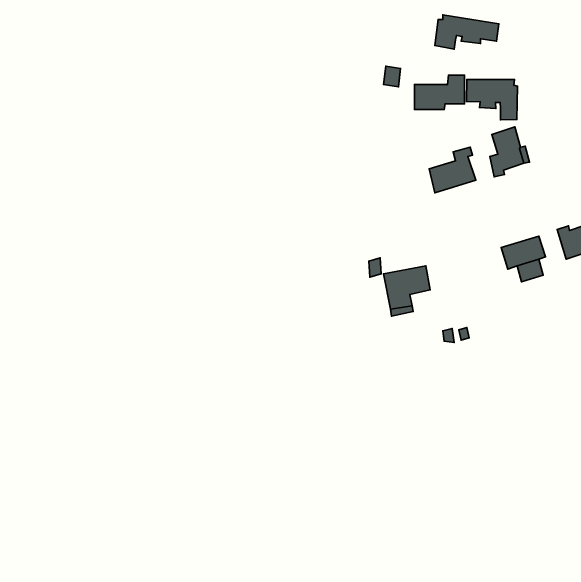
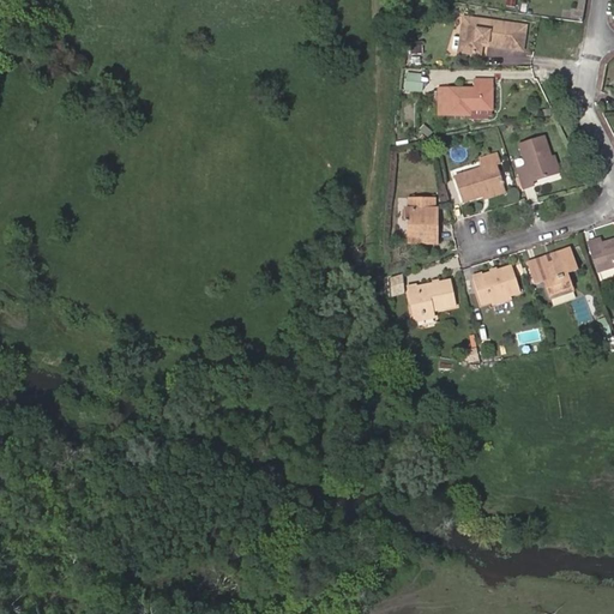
building: [467,80,518,120] -> none
building: none -> [403,199,435,243]
building: none -> [472,261,519,300]

